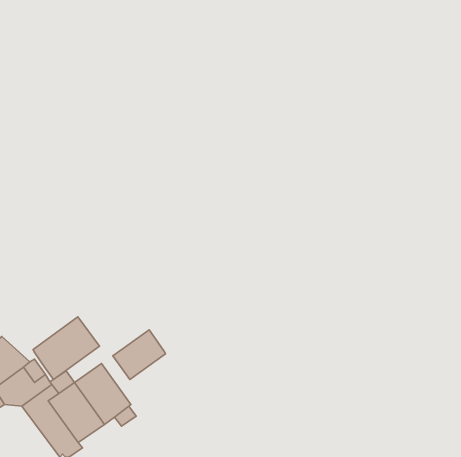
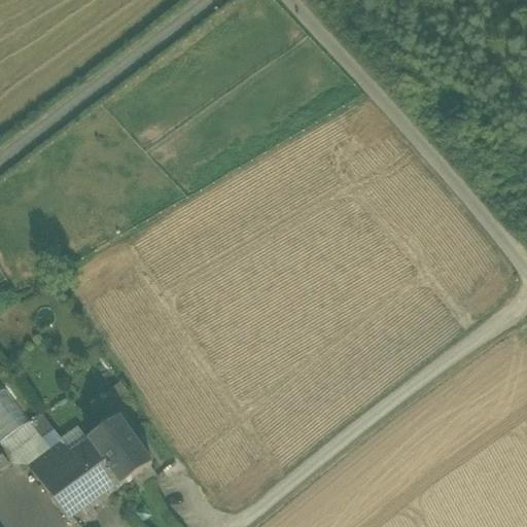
building: [33,317,100,379] -> none
building: [113,330,165,379] -> none

